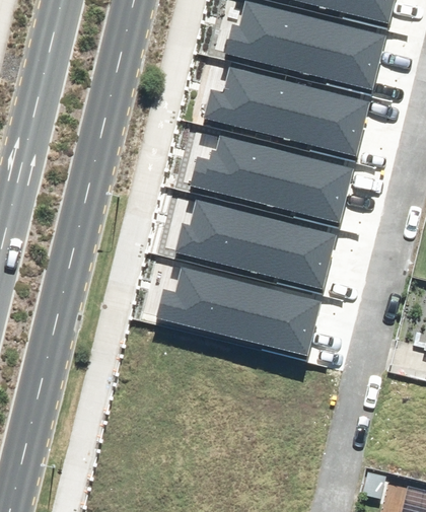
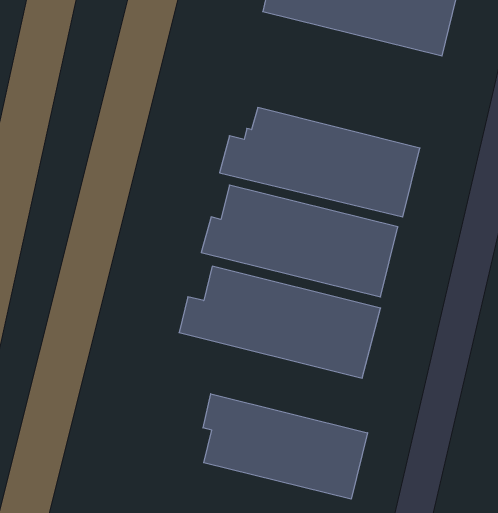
building: [202,65,370,157] -> none
building: none -> [203,394,368,499]

